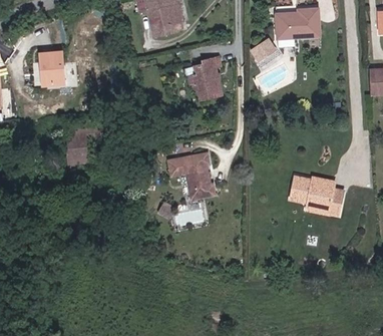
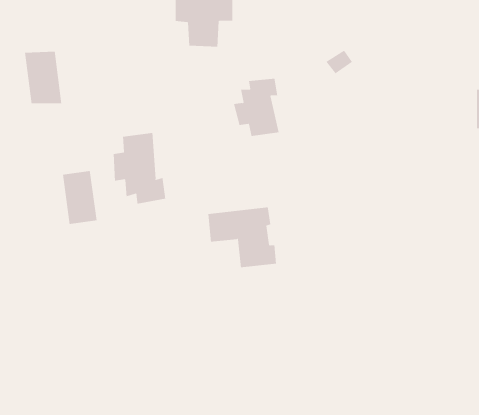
building: [278,7,322,36] -> none
building: none -> [113,132,166,205]
building: [292,175,346,219] -> none

